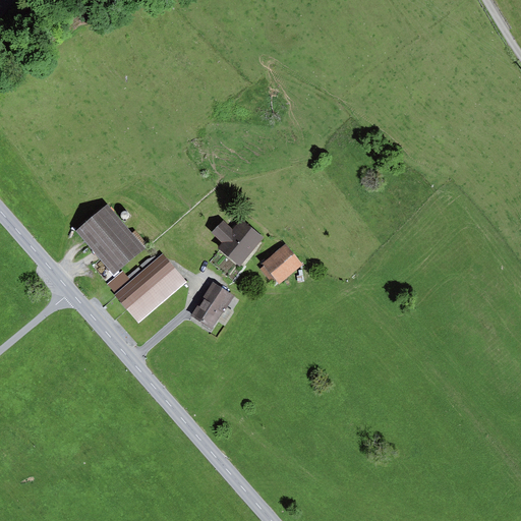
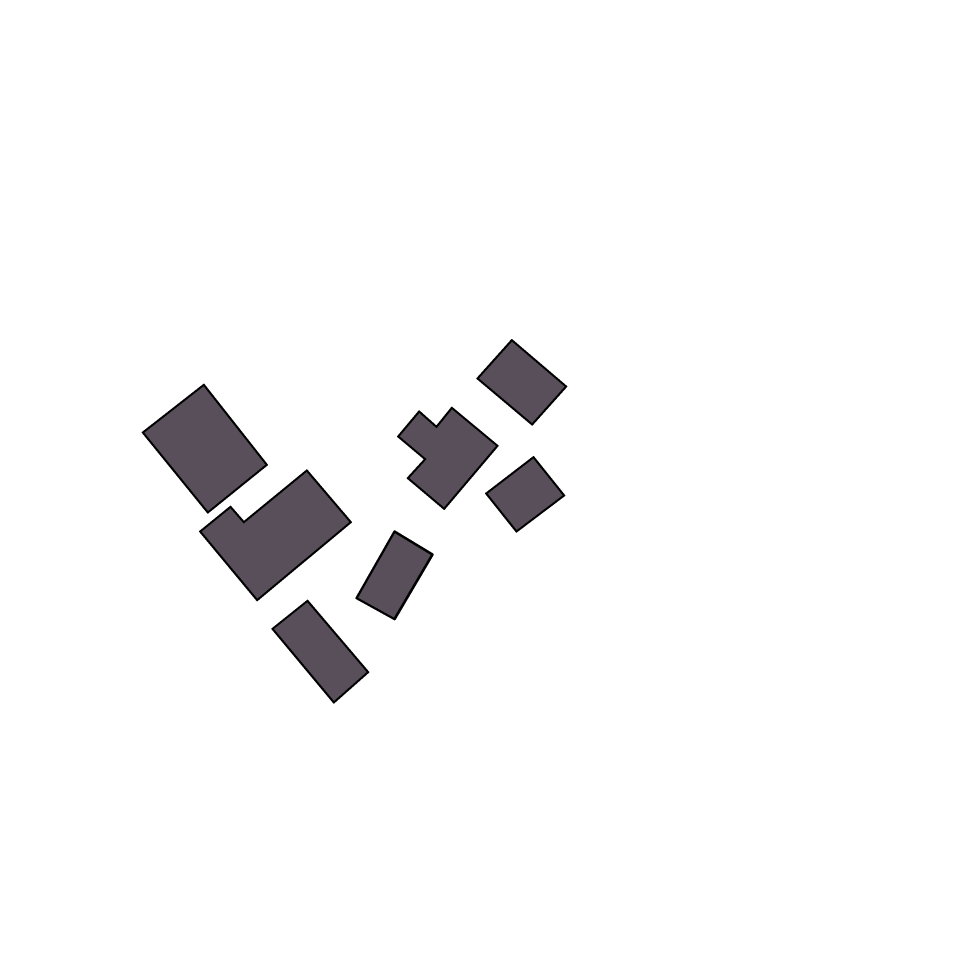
building: none -> [477,340,566,425]
building: none -> [272,601,368,702]

